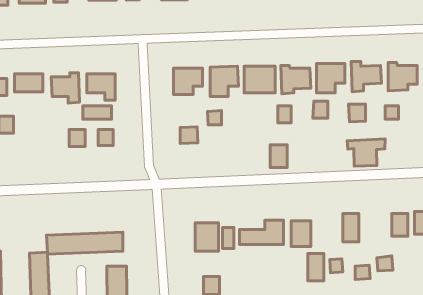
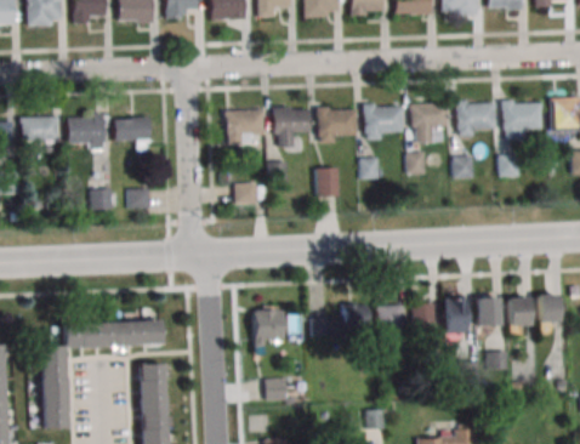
building: [83,106,111,119] -> none
building: [347,139,385,166] -> none
building: [270,145,287,168] -> [317,167,339,197]
building: none -> [478,296,499,326]
building: [308,254,324,281] -> [414,302,434,337]

